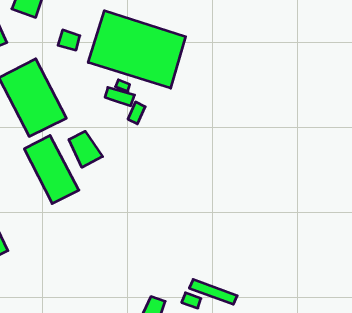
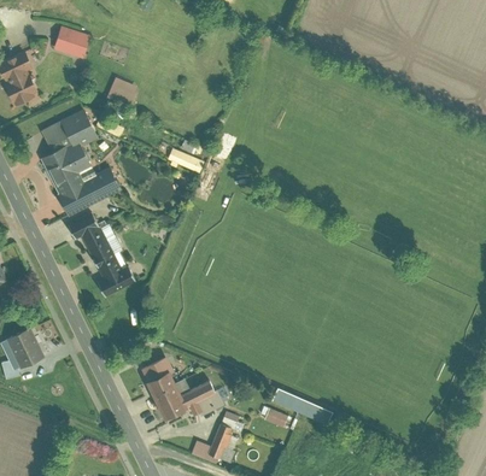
building: [88,11,186,88] -> none
building: [69,131,103,167] -> none
building: none -> [139,357,221,421]

